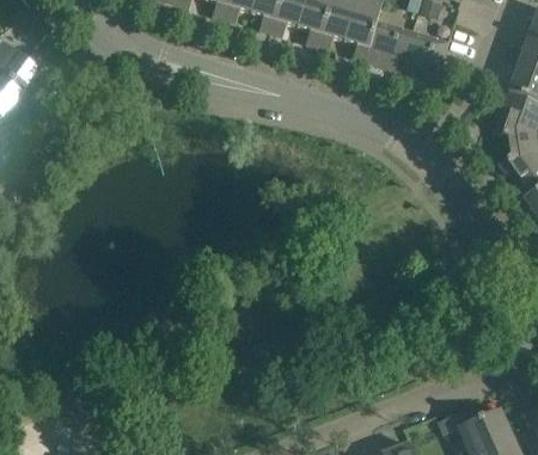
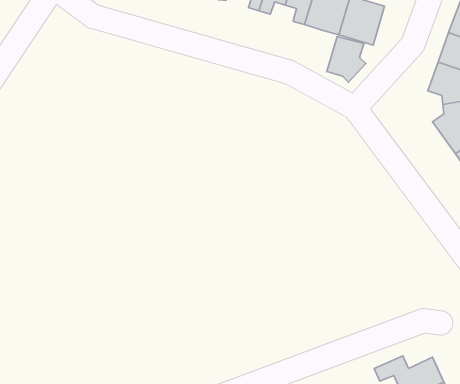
building: none -> [327,36,366,82]

